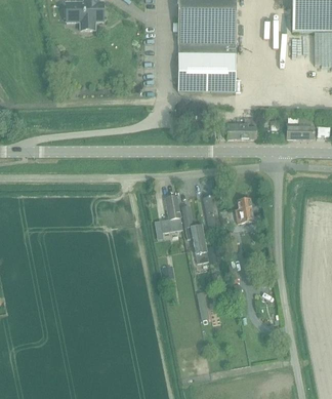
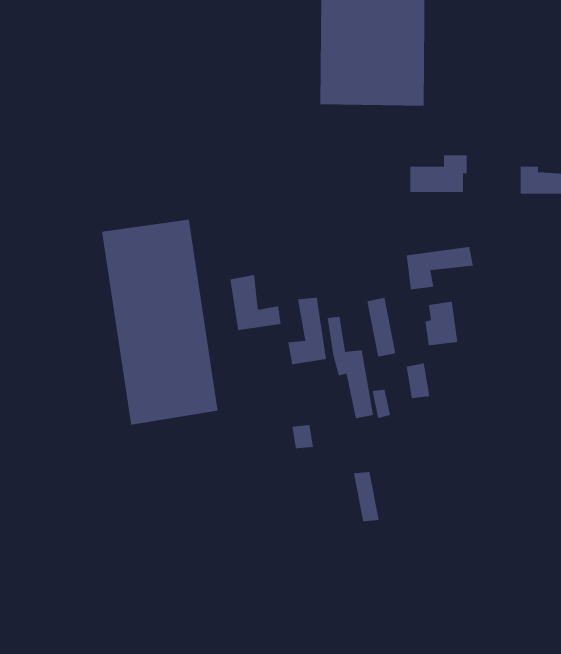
building: none -> [101,219,218,425]
building: none -> [406,246,474,290]
building: none -> [230,274,281,331]

